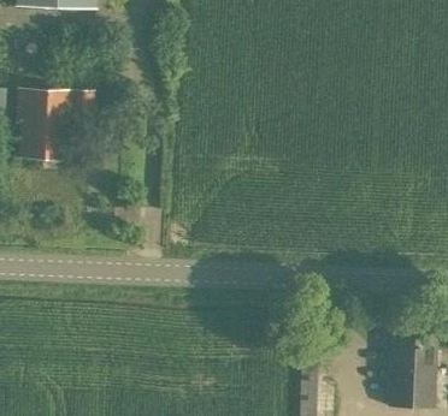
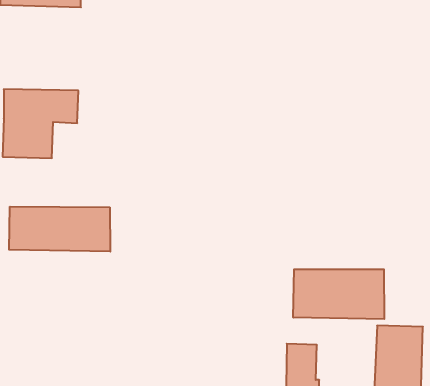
building: none -> [9,207,110,252]
building: none -> [293,269,384,319]

